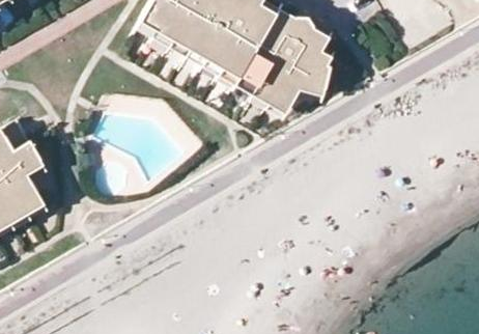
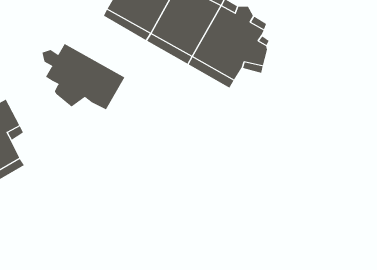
building: none -> [42,43,125,110]

